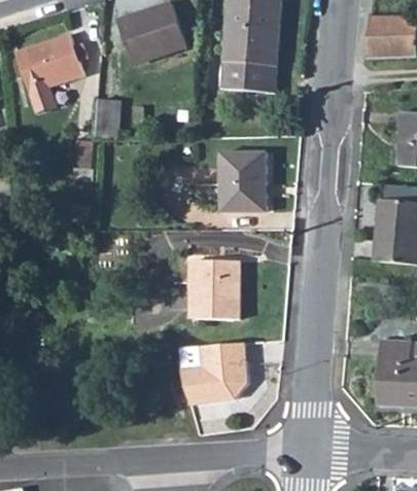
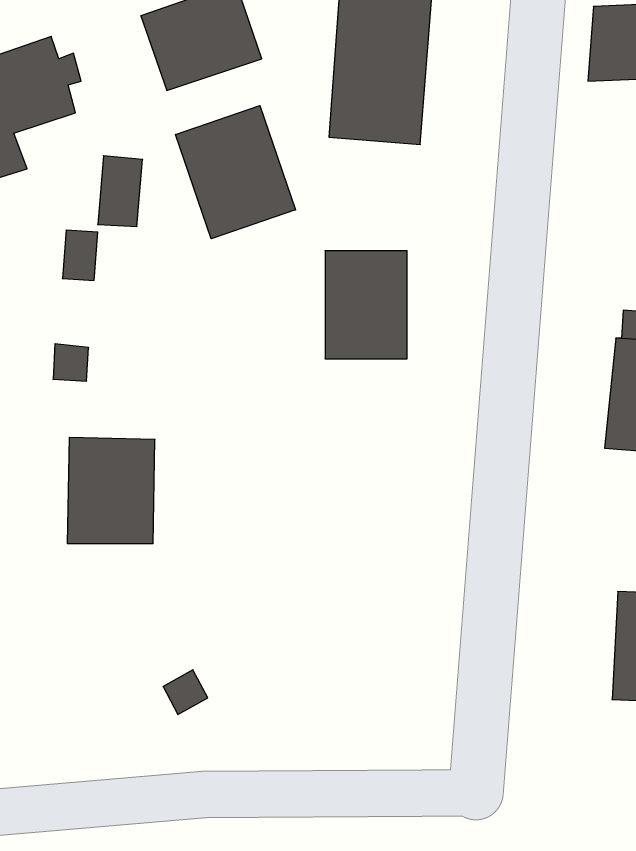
building: none -> [176,106,296,239]
building: [192,259,240,318] -> [67,437,155,544]
building: [181,342,248,405] -> none

